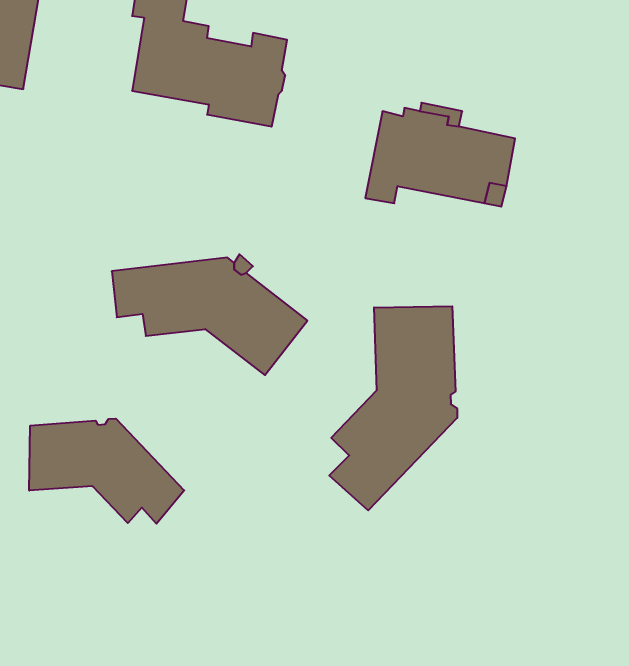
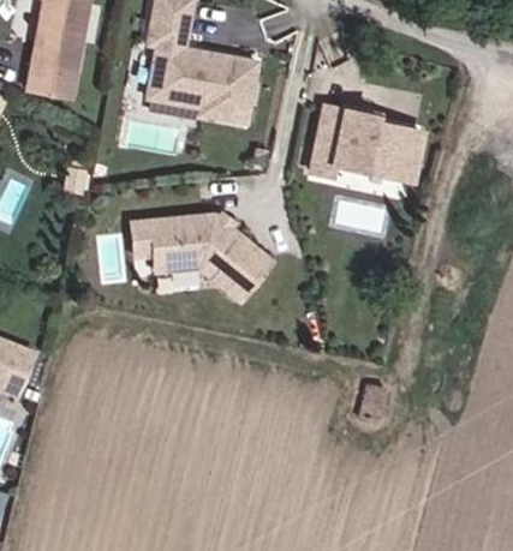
building: [329,306,457,510] -> none
building: [29,419,184,524] -> none

